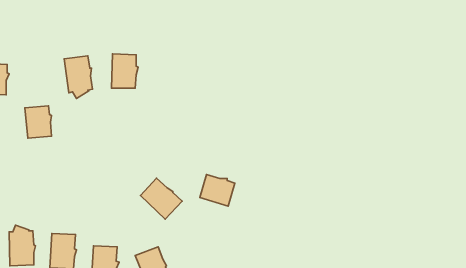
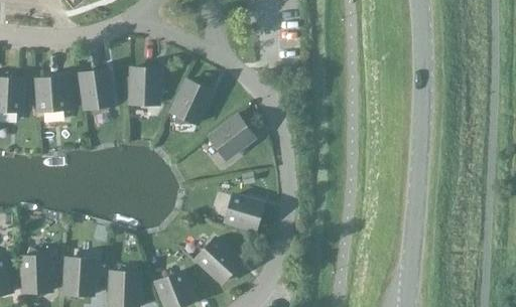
building: none -> [171,81,210,124]
building: none -> [208,117,252,159]
building: [25,106,51,138] -> [36,78,64,112]
building: [141,178,182,219] -> [195,240,239,283]

